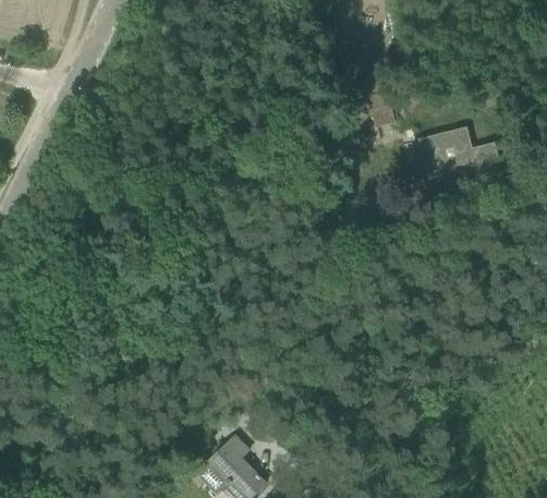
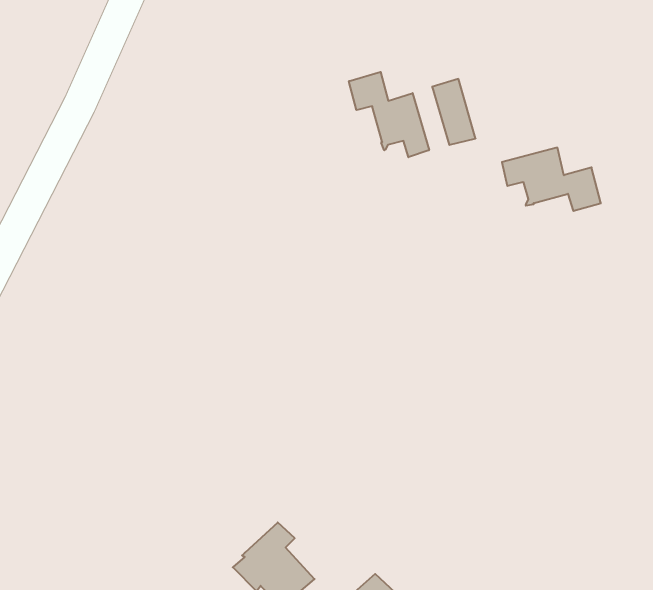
building: none -> [349,72,429,157]

